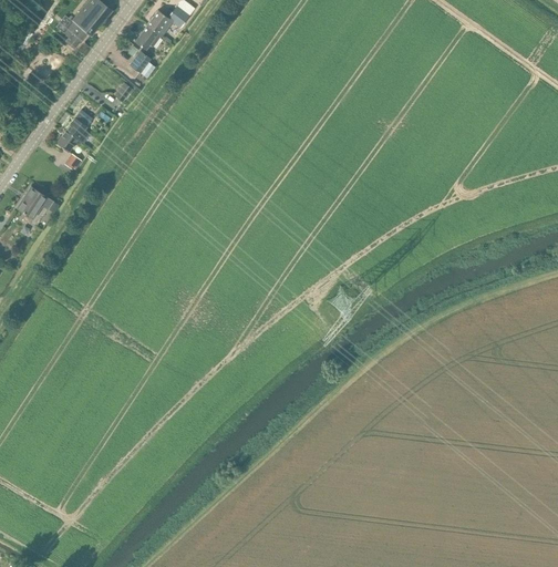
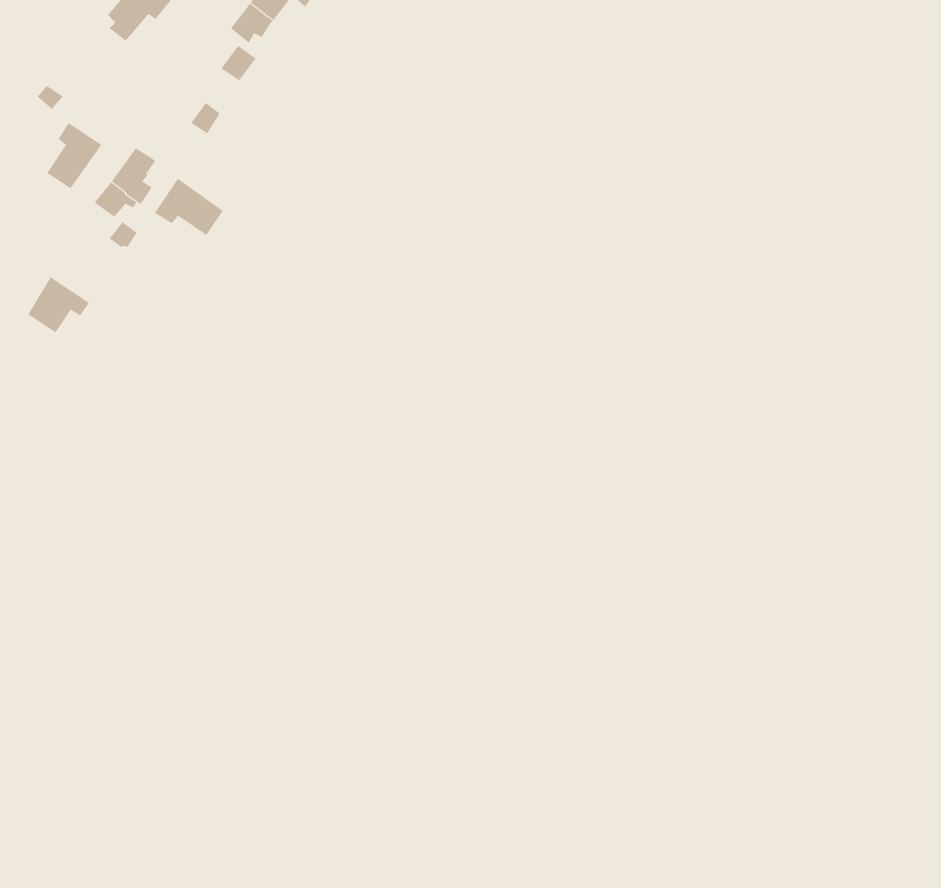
building: none -> [46,122,102,189]
building: none -> [154,178,223,236]

